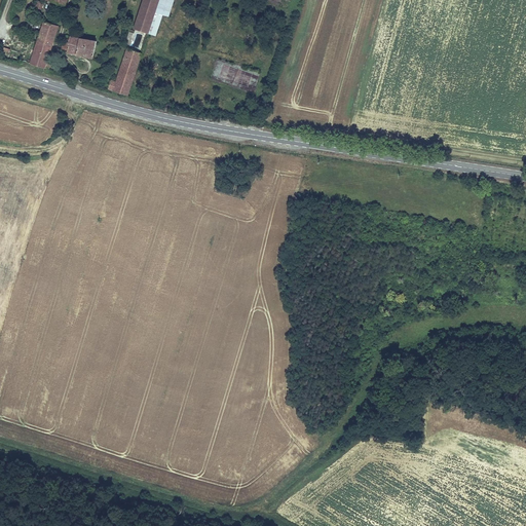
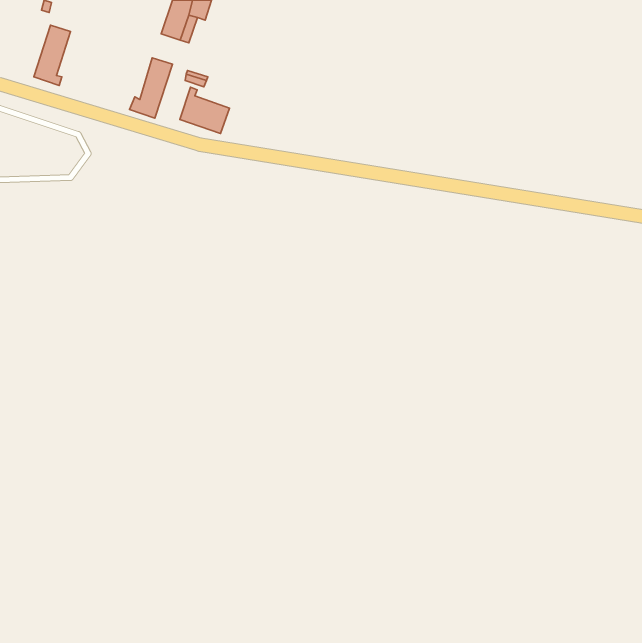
building: [65,35,95,58] -> none
building: none -> [180,87,229,134]

